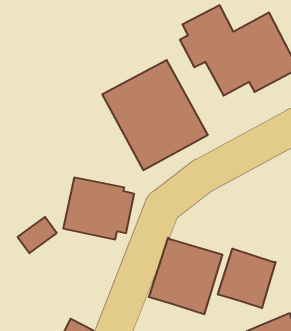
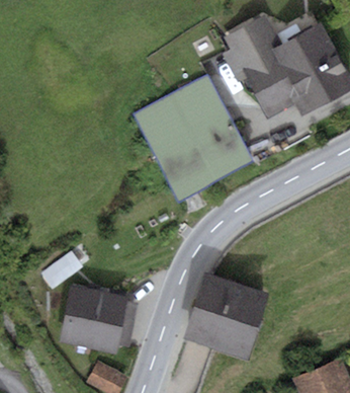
building: [63,178,134,239] -> [59,286,138,355]
building: [218,249,276,308] -> none

